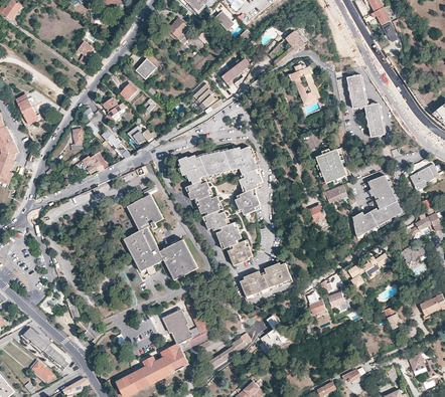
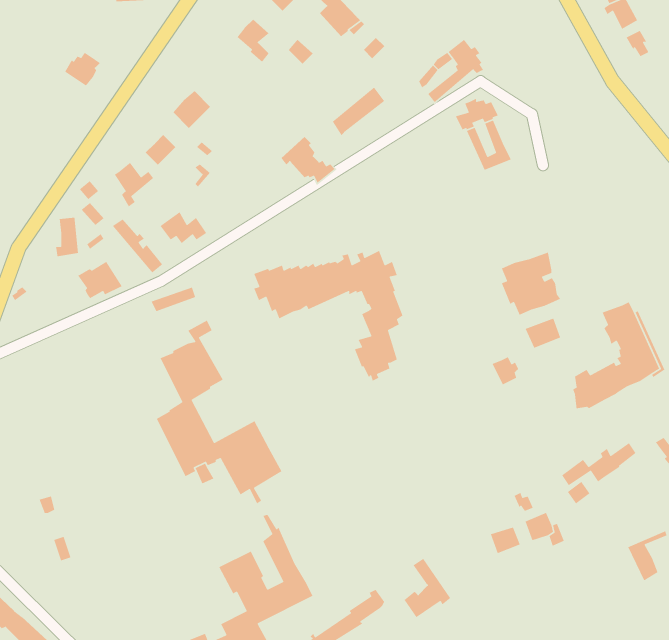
building: [346,74,385,137] -> none
building: [183,180,251,265] -> none
building: [238,262,290,299] -> none

